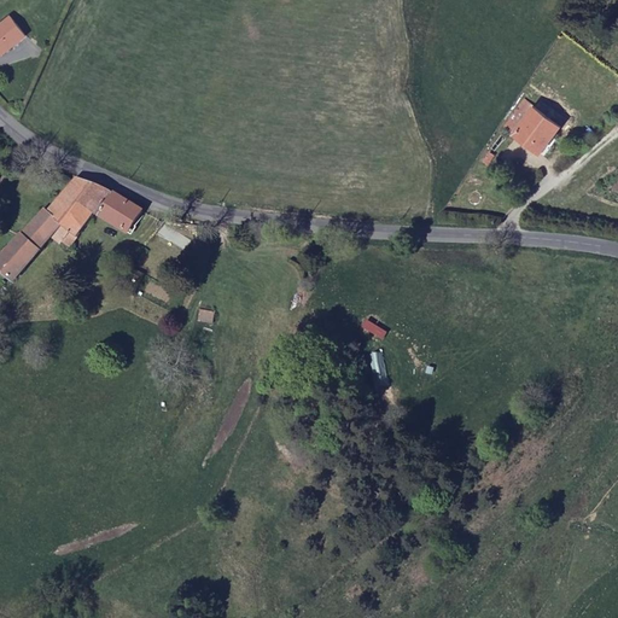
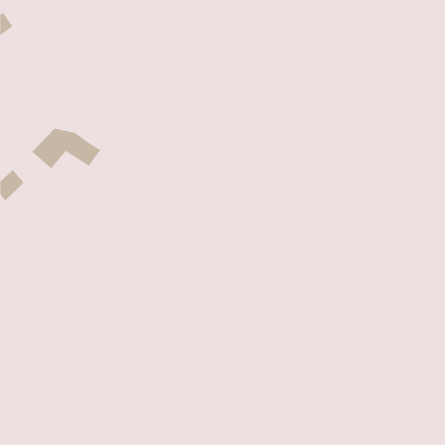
building: [511,101,565,154] -> none
building: [16,209,62,253] -> none

